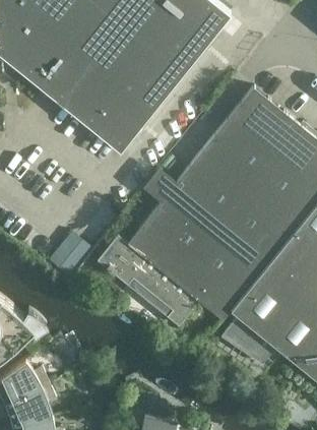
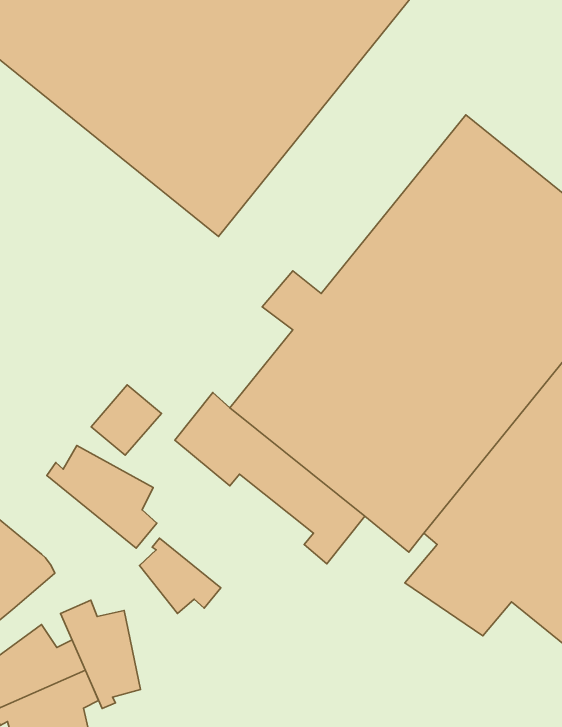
building: none -> [47,445,157,548]
building: none -> [139,538,221,614]
building: none -> [60,600,140,709]

